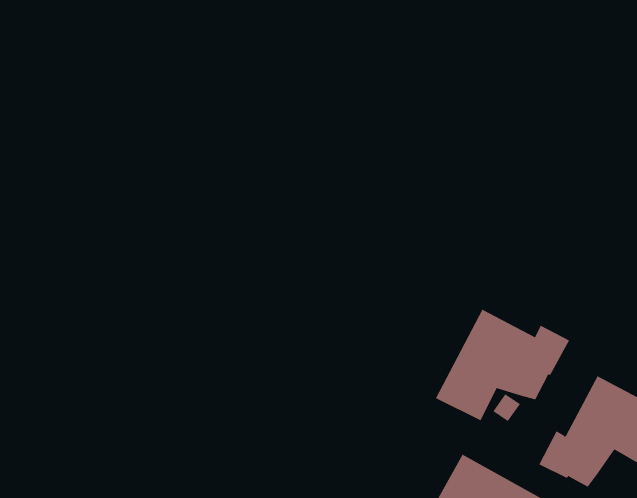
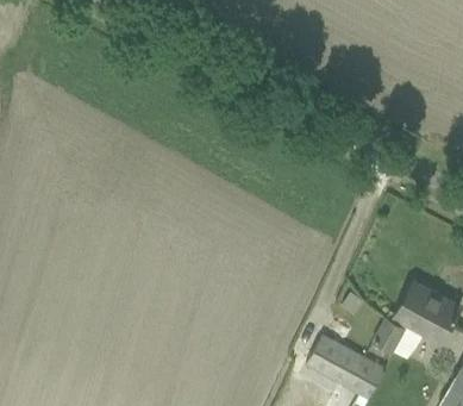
building: [435,309,570,421] -> none

